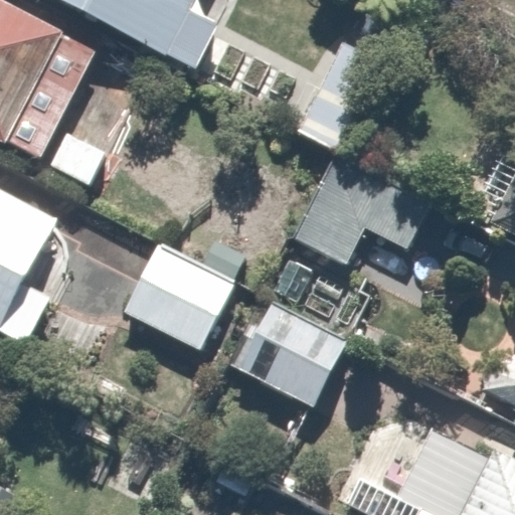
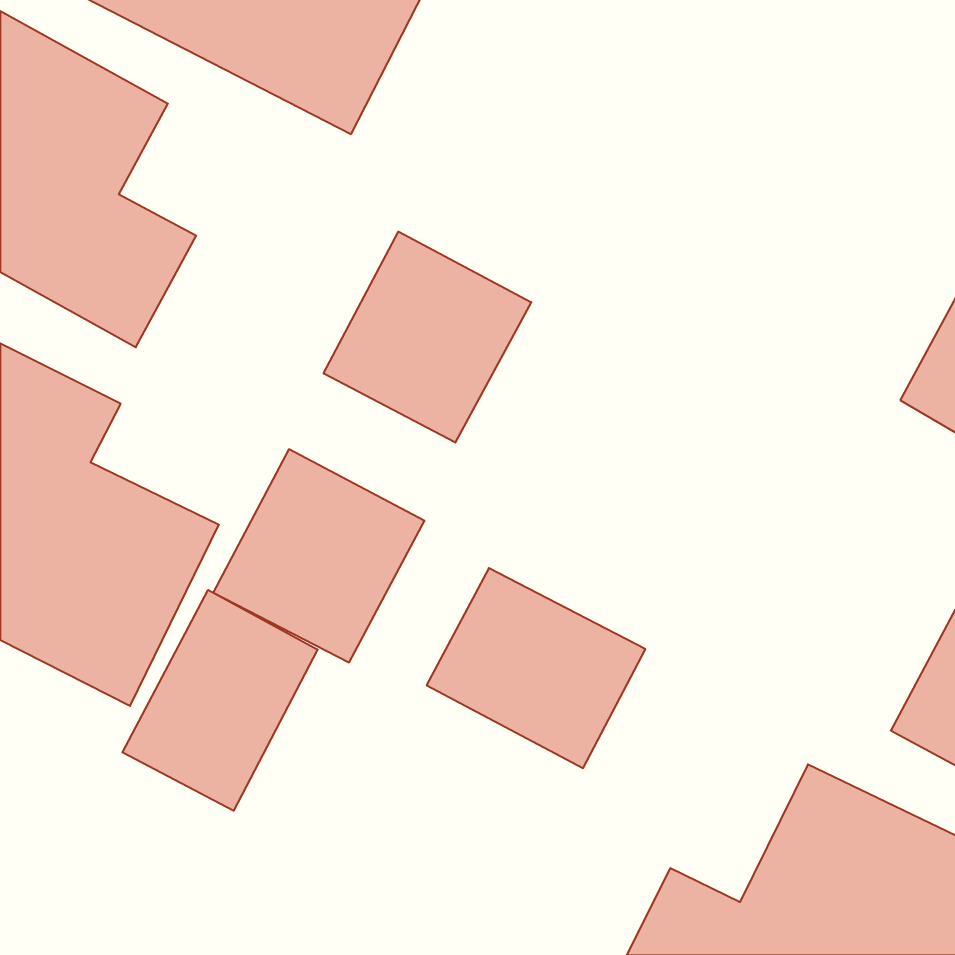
building: none -> [324,232,531,443]
building: [287,152,437,266] -> none
building: none -> [123,590,318,811]

